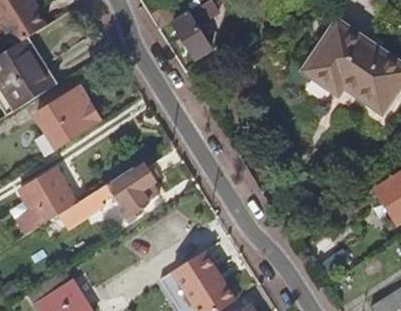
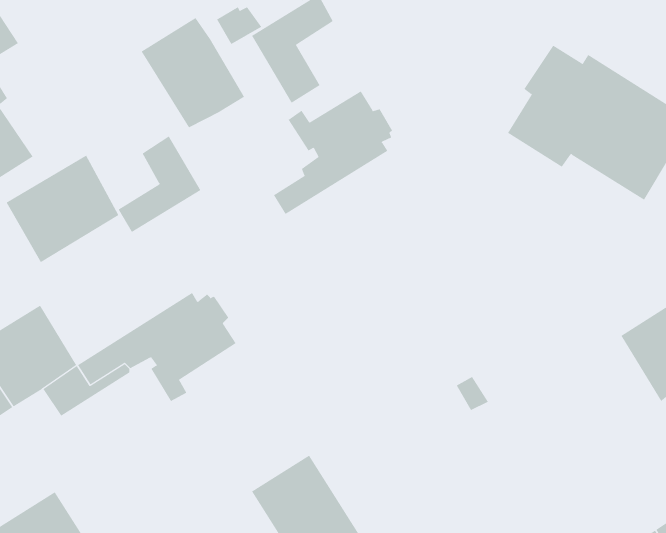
building: none -> [141,17,245,128]
building: none -> [273,91,393,215]
building: none -> [118,136,201,233]

